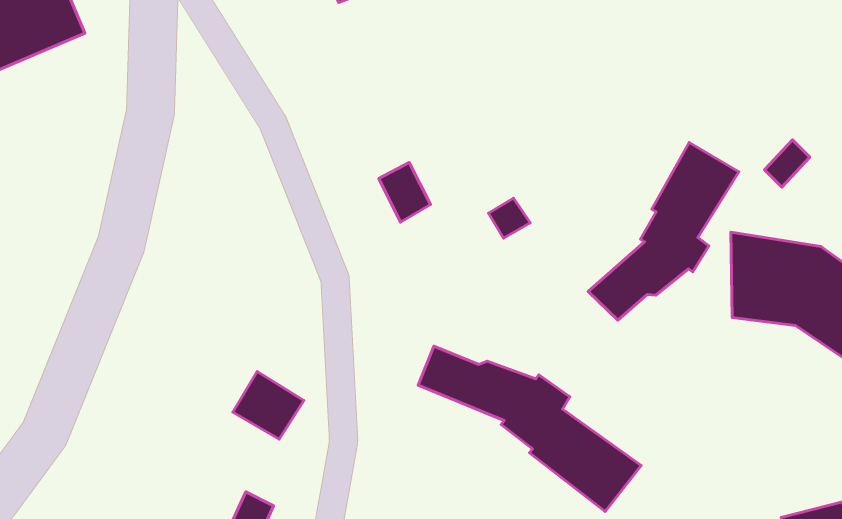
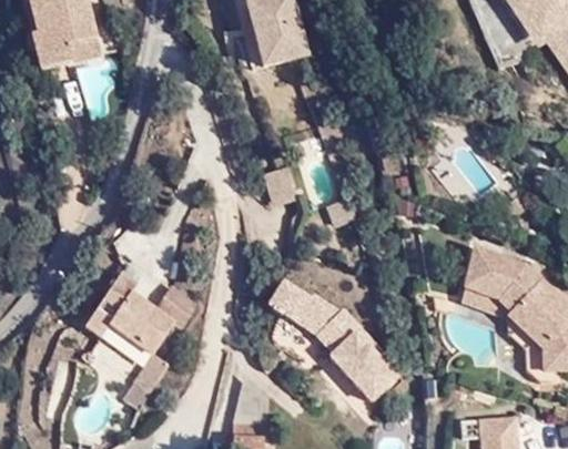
building: [588,142,739,320] -> none
building: none -> [77,267,172,356]

